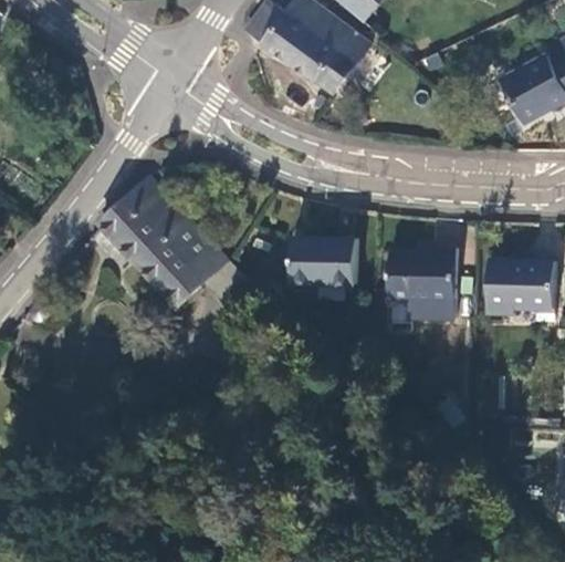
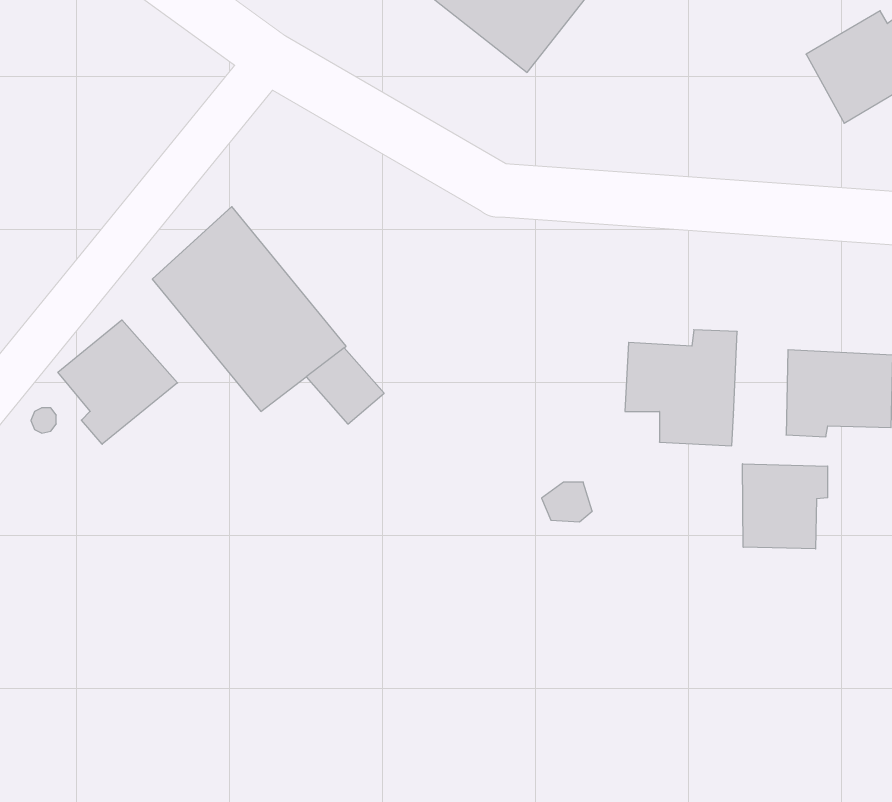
building: [292,240,350,288] -> none
building: none -> [58,320,178,444]
building: none -> [743,464,828,549]

